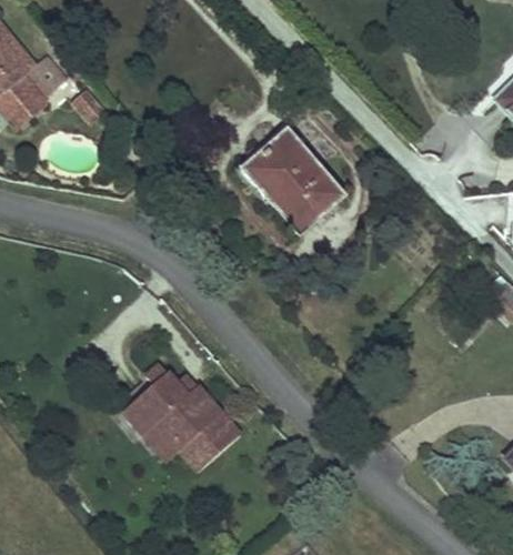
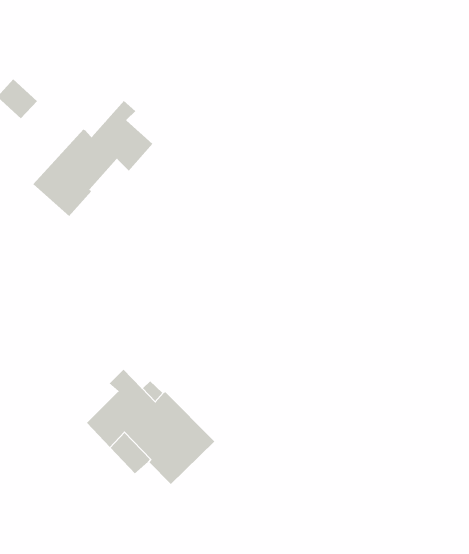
building: none -> [32,100,153,217]
building: [244,133,340,231] -> none

